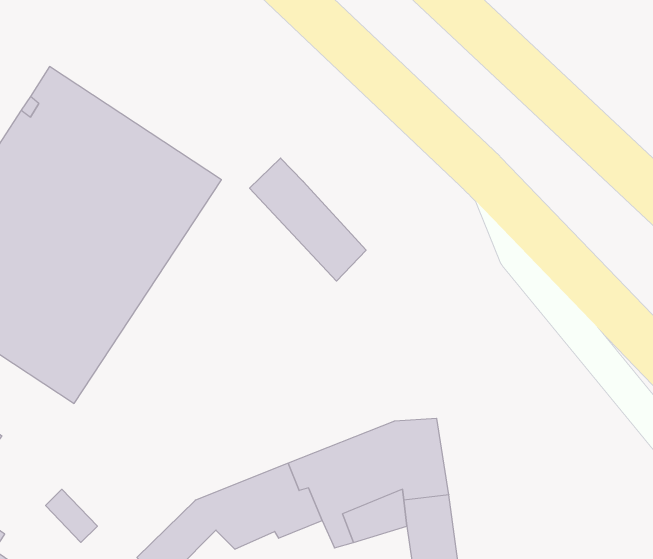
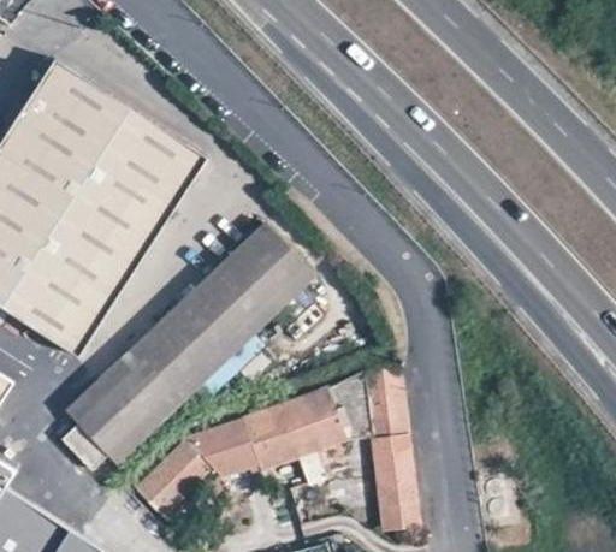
building: [250,158,366,281] -> none
building: none -> [59,226,313,467]

